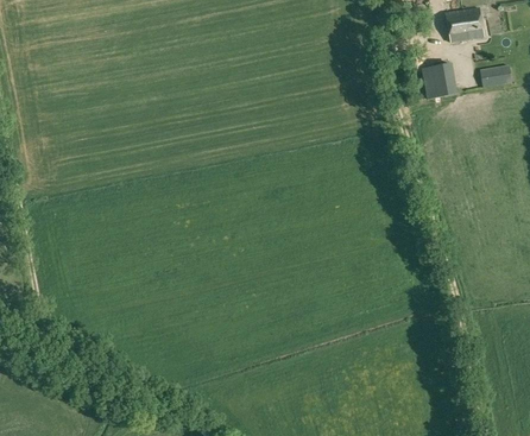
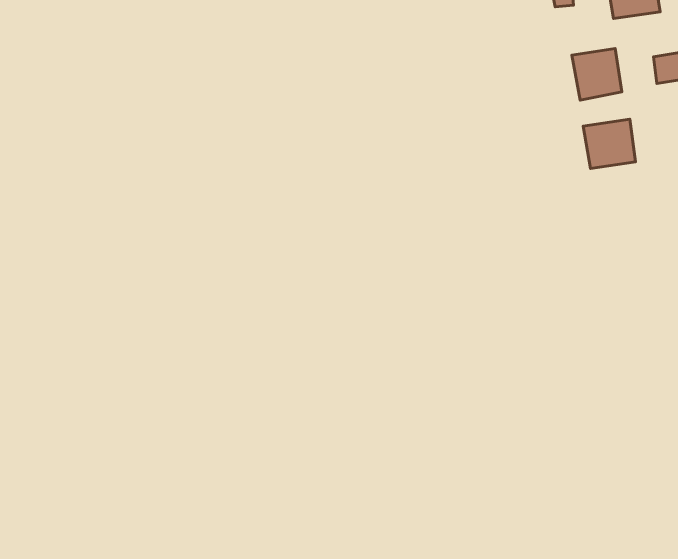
building: none -> [583,119,636,168]

